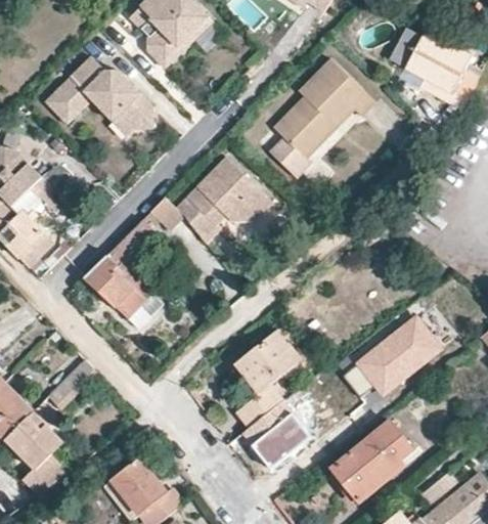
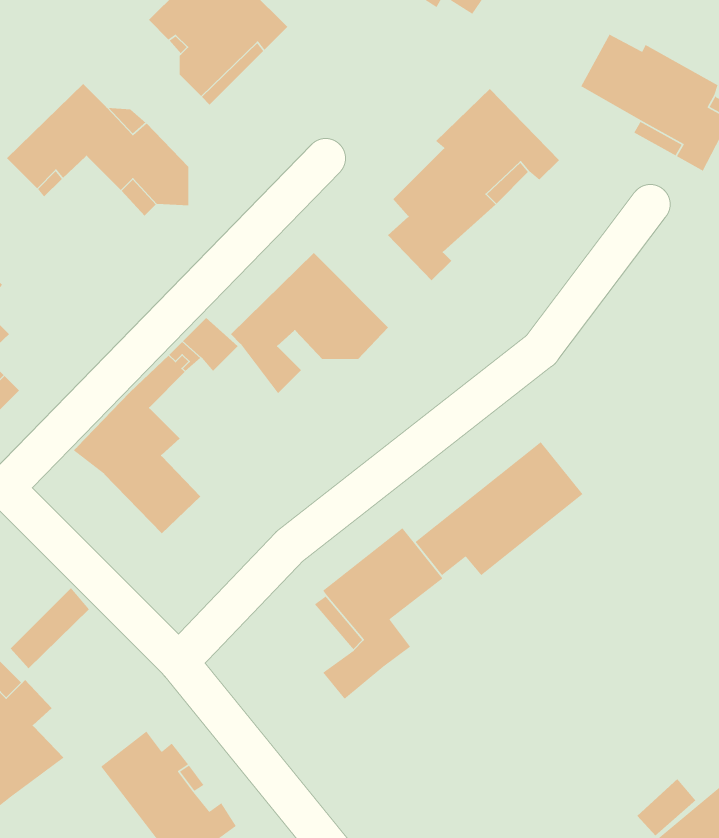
building: [341,316,442,397] -> [414,441,583,576]
building: [239,394,316,468] -> none
building: [328,420,414,503] -> none

